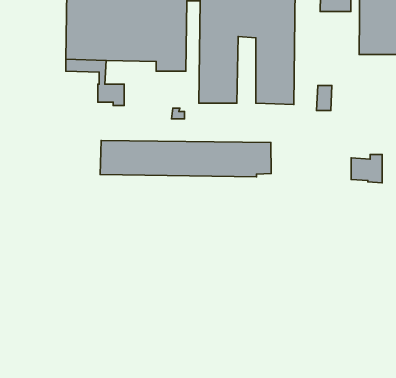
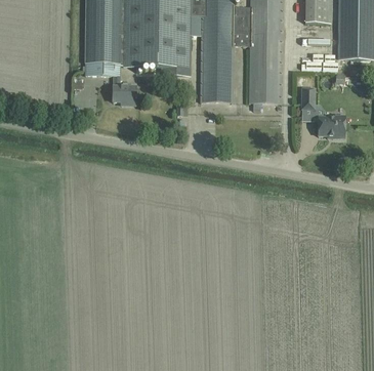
building: [100,141,271,177] -> none
building: [351,154,382,183] -> [318,113,344,137]

